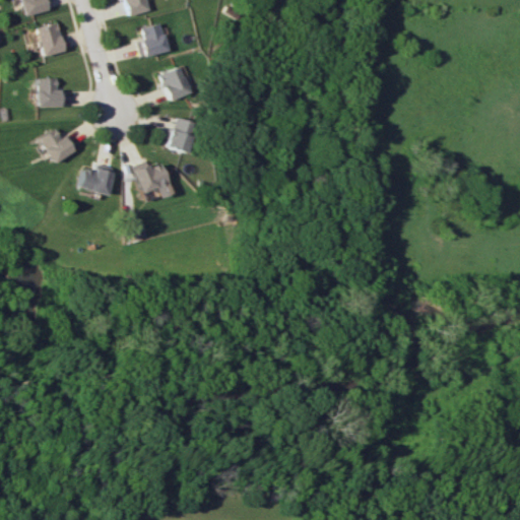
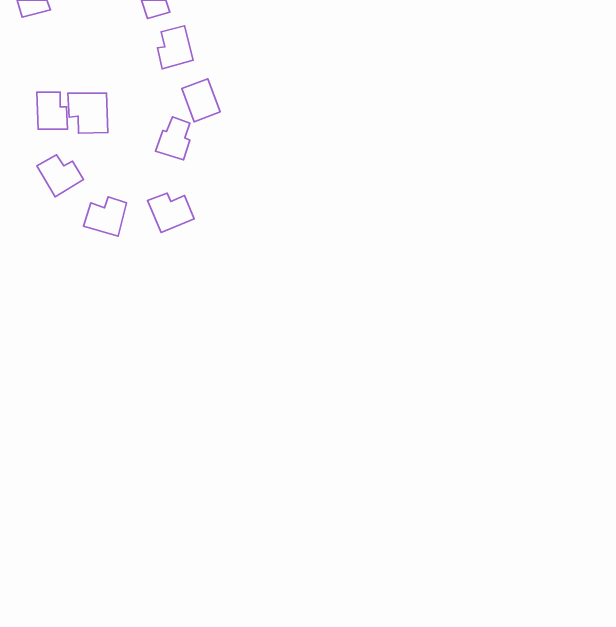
building: [39,22,68,57] -> none
building: none -> [68,93,108,133]
building: [166,118,194,153] -> [155,117,190,160]

